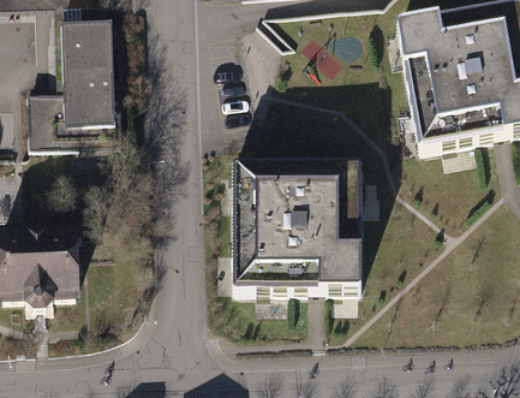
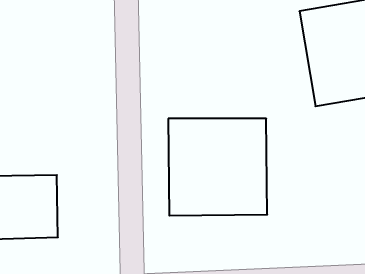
building: [26,17,115,147] -> none

